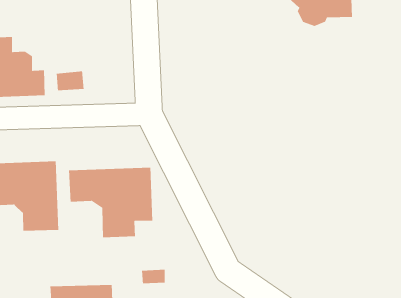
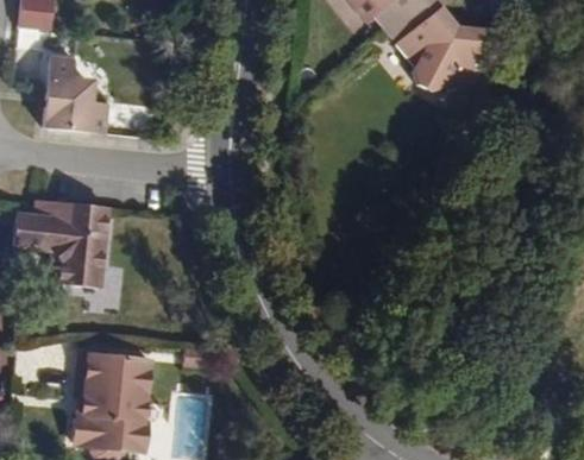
building: [68,167,153,238] -> none

